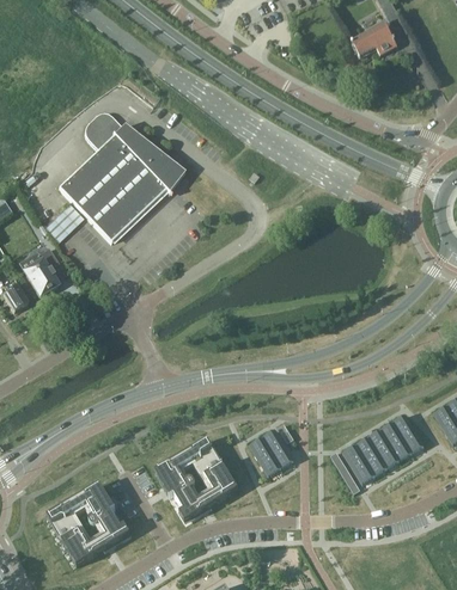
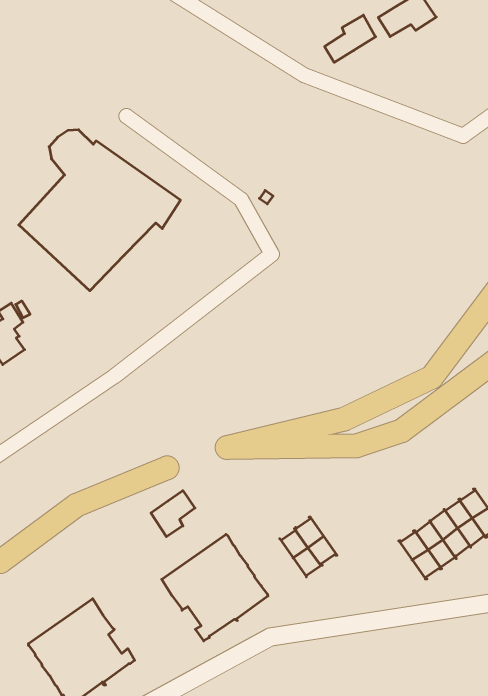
building: none -> [325,15,376,62]
building: none -> [151,491,195,537]

